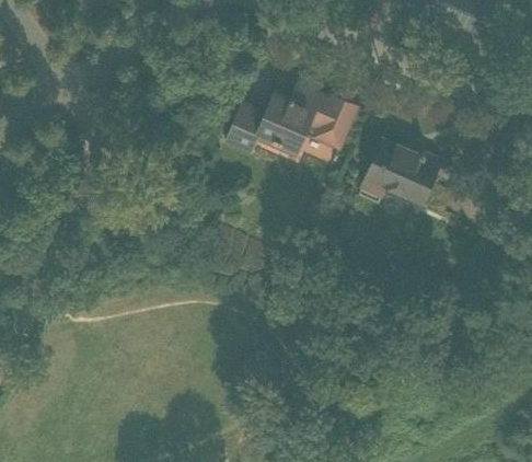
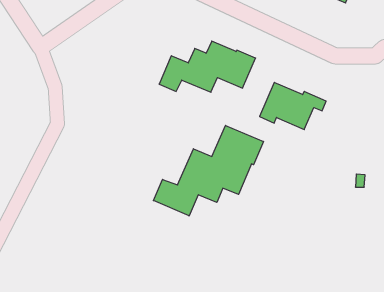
building: none -> [153,125,263,216]

